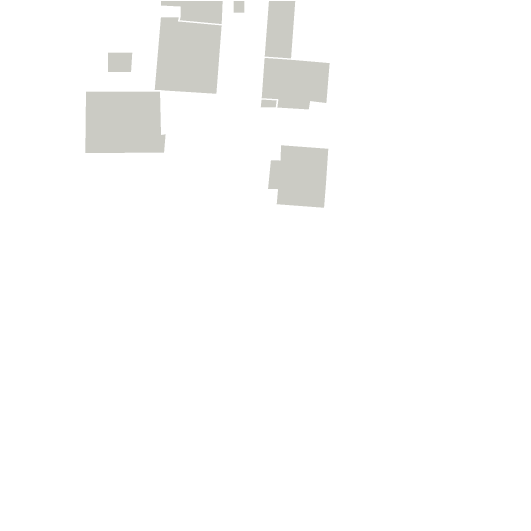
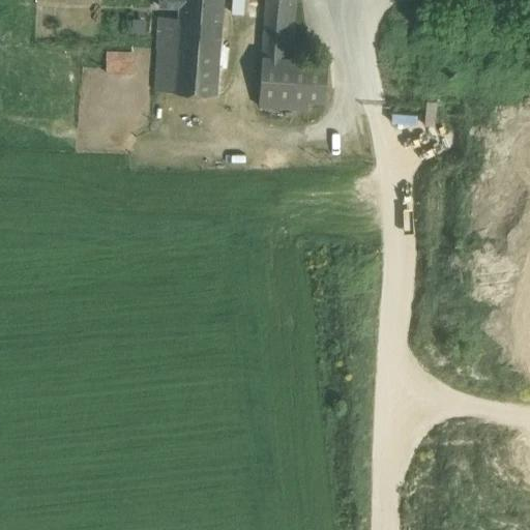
building: [84,91,167,154] -> none
building: [267,144,329,209] -> none

